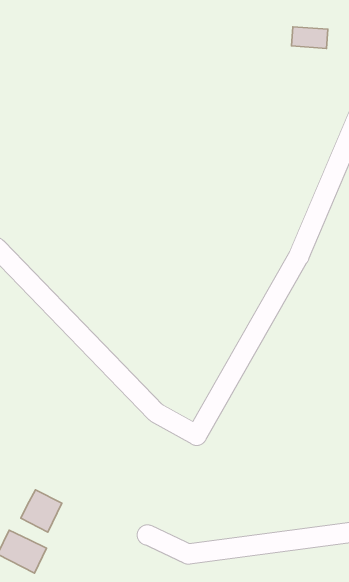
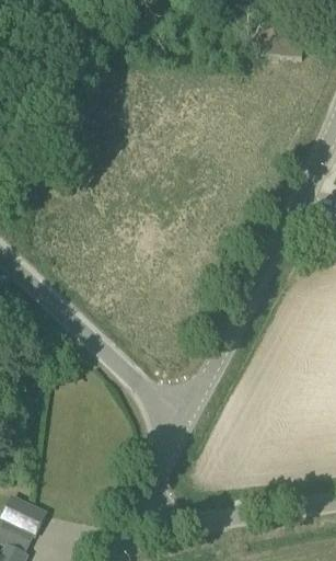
building: [21,490,62,532] -> none

